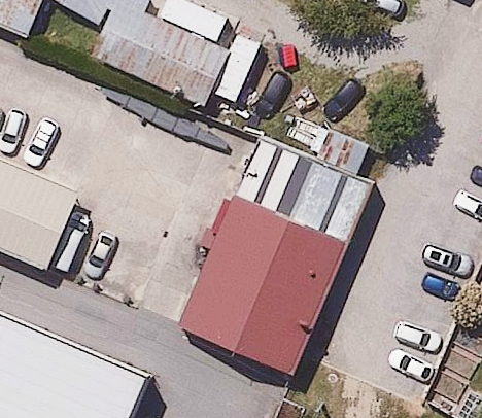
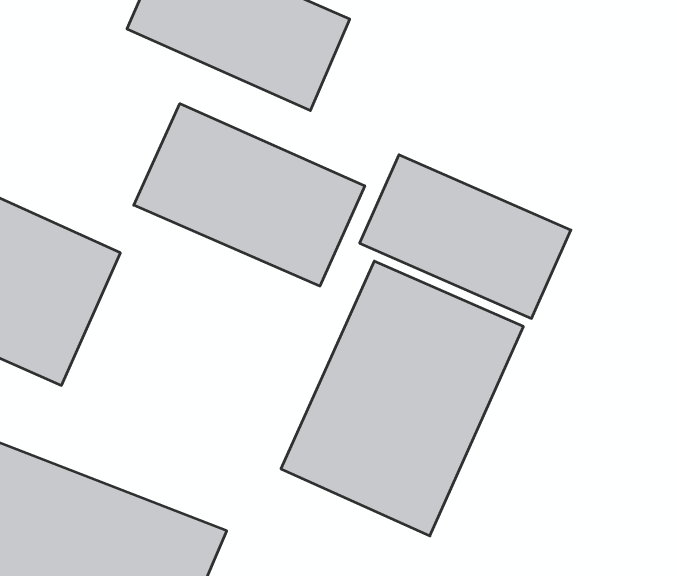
building: none -> [134,104,365,286]

